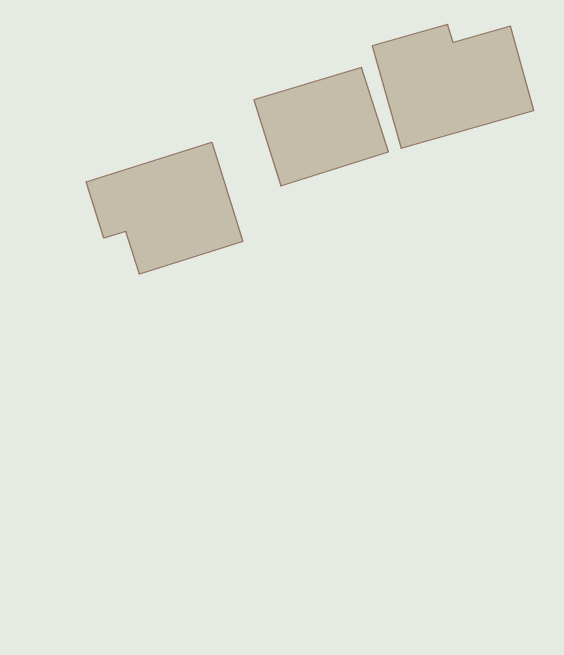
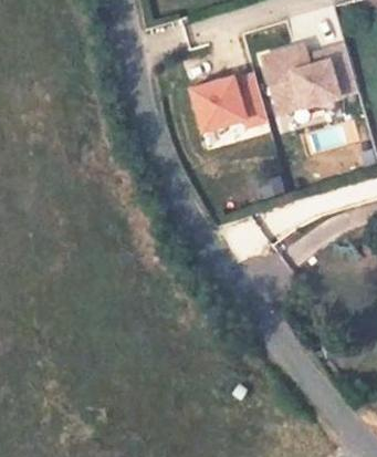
building: [86,142,243,274] -> none

